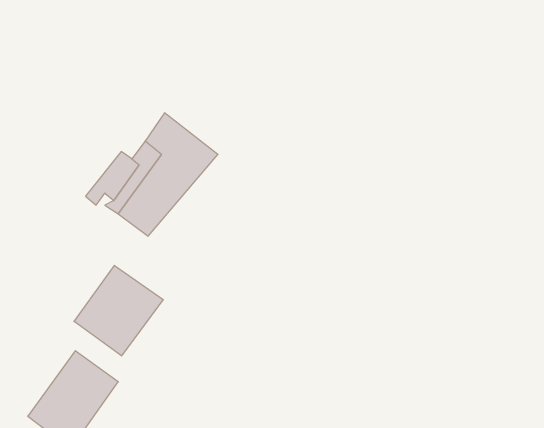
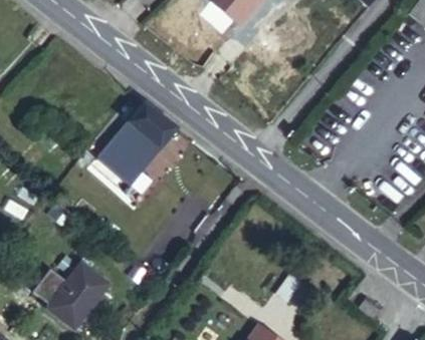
building: [74,265,163,356] -> none

